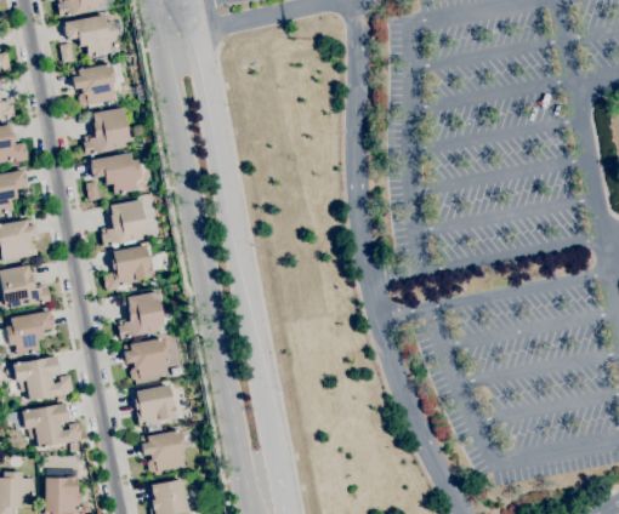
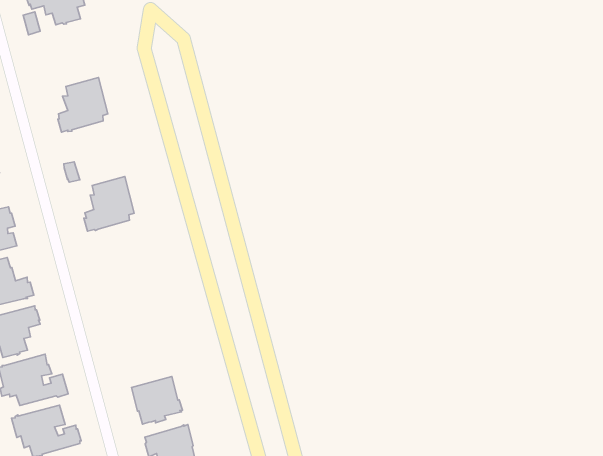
building: [74,63,125,105] -> none
building: [91,153,143,194] -> none
building: [106,245,155,291] -> none
building: [119,291,166,338] -> none
building: [125,337,169,379] -> none

